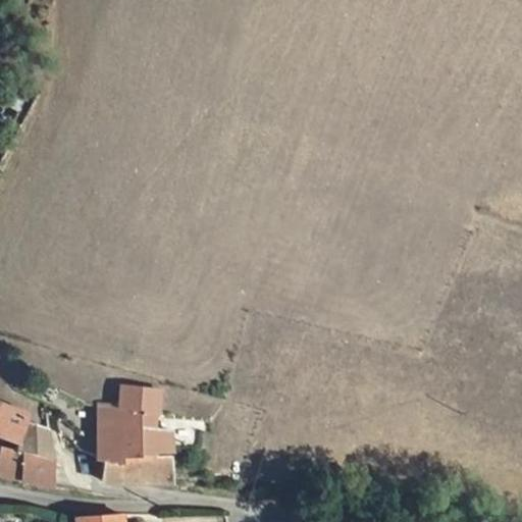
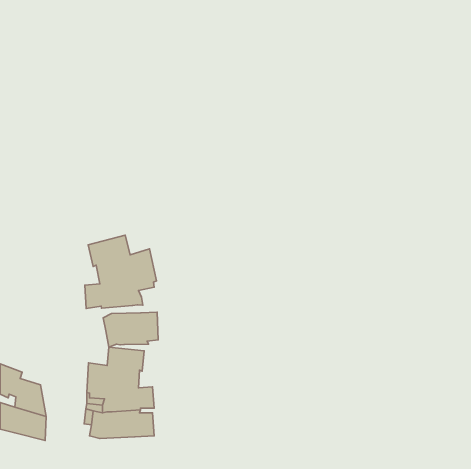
building: none -> [85,235,156,308]
building: none -> [103,312,158,347]

